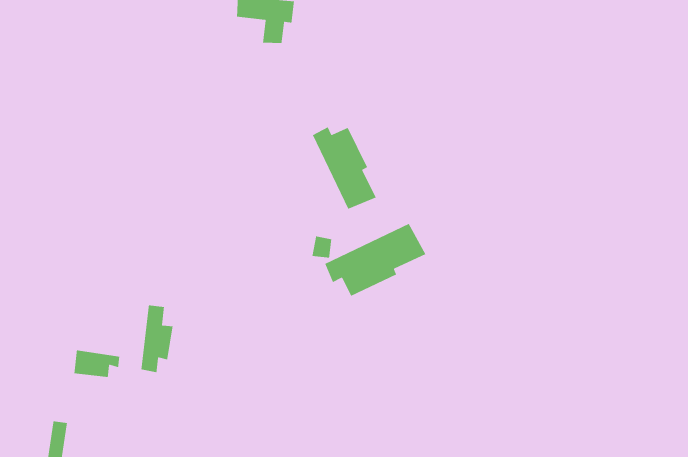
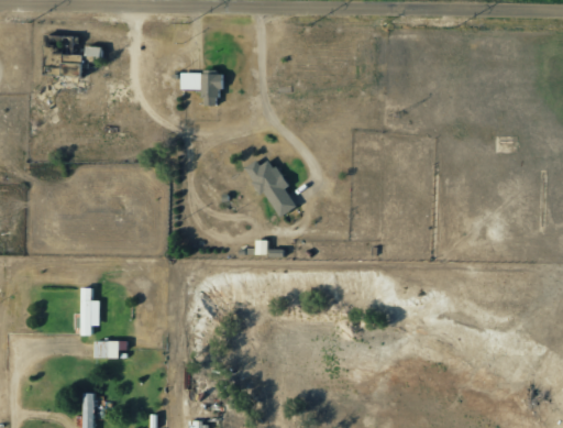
building: [324,223,426,297] -> none
building: [141,305,173,373] -> [81,287,101,336]

